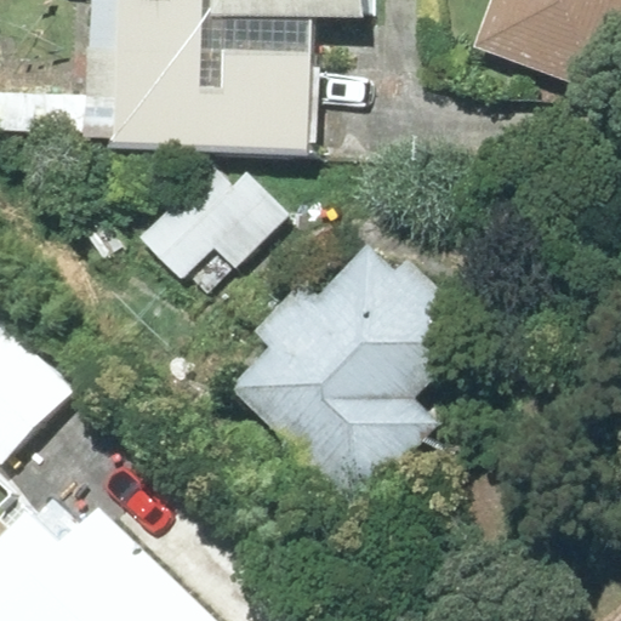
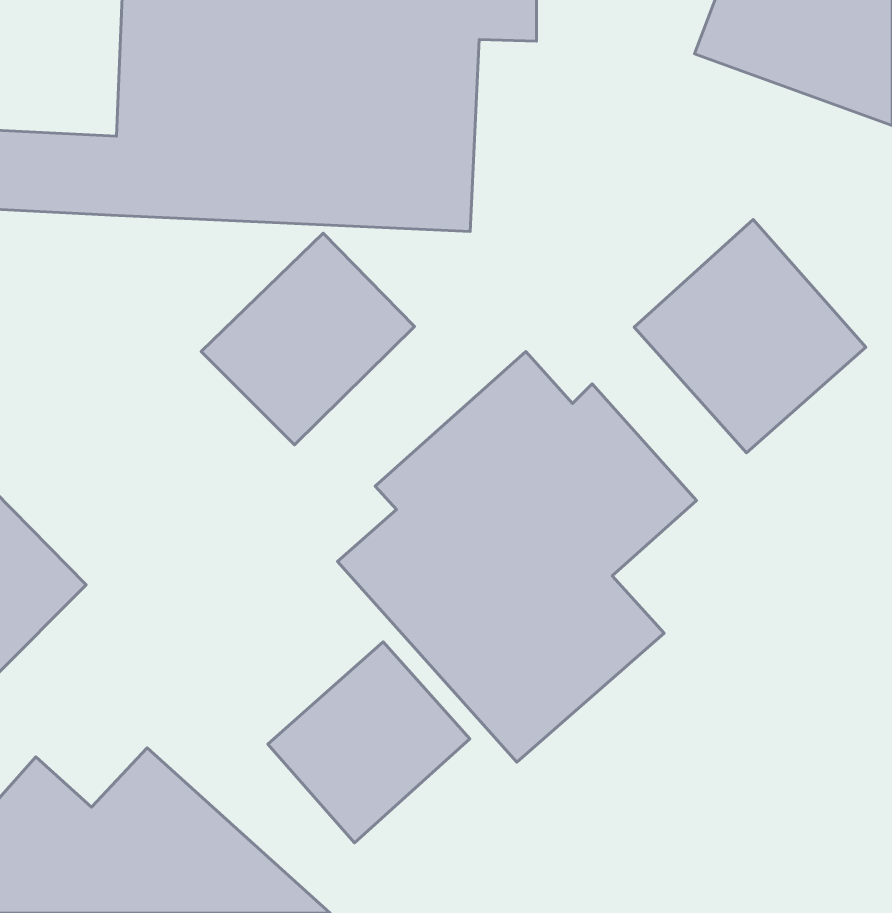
building: none -> [634,219,866,453]
building: none -> [268,642,470,843]

